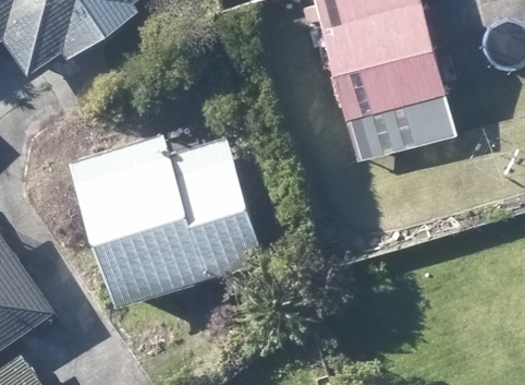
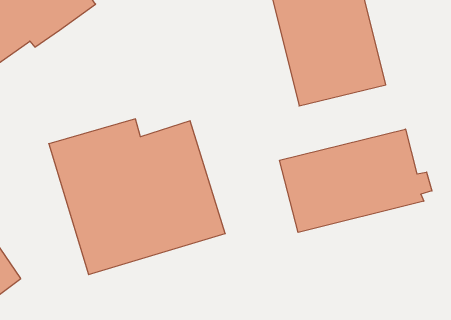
building: none -> [280,129,432,232]

